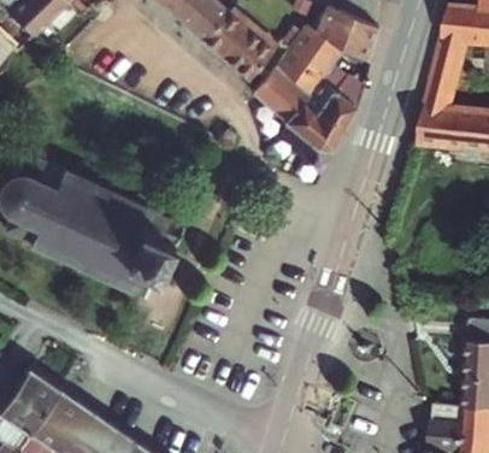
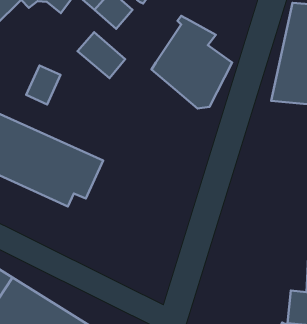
building: [306,7,376,65] -> none
building: [202,14,269,78] -> [78,32,125,78]
building: none -> [26,65,61,104]

